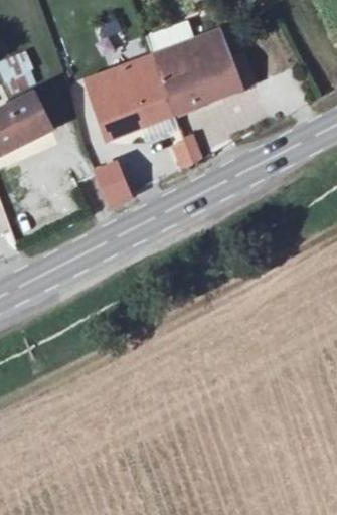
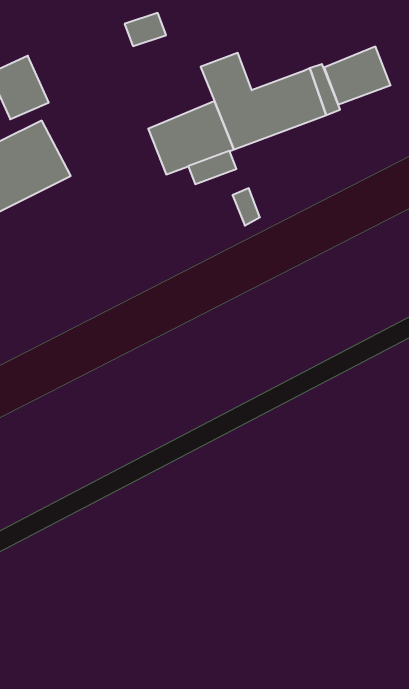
building: [176,28,224,70] -> [324,47,391,105]
building: [92,53,159,139] -> none
building: [96,161,130,204] -> none

